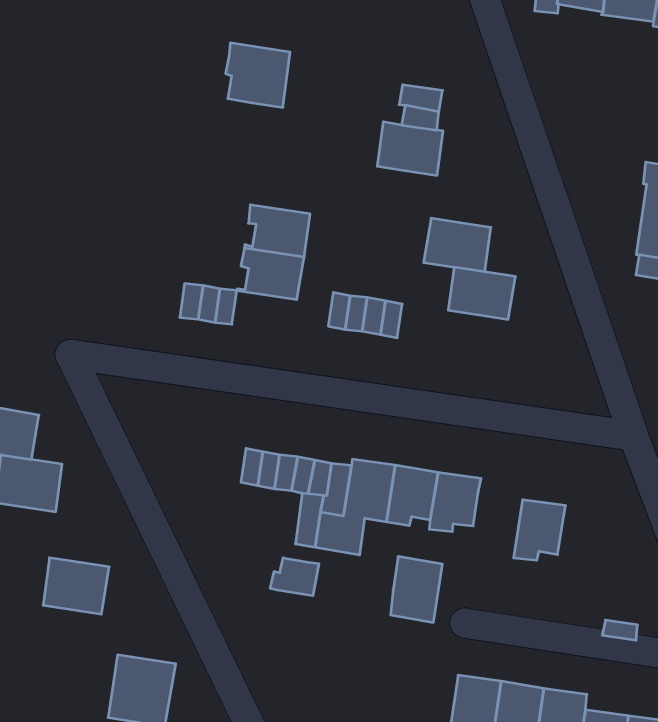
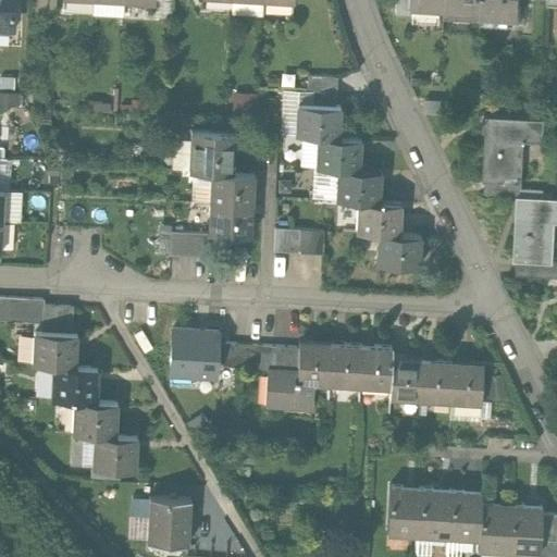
building: [226,43,290,107] -> [190,134,234,175]
building: none -> [317,139,361,172]
building: none -> [376,235,421,268]
building: none -> [171,332,219,377]
building: none -> [450,362,483,419]
building: none -> [73,401,117,436]
building: [391,557,442,622] -> [389,359,422,403]
building: [270,558,319,596] -> none

